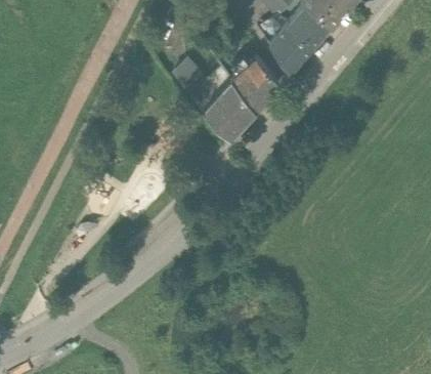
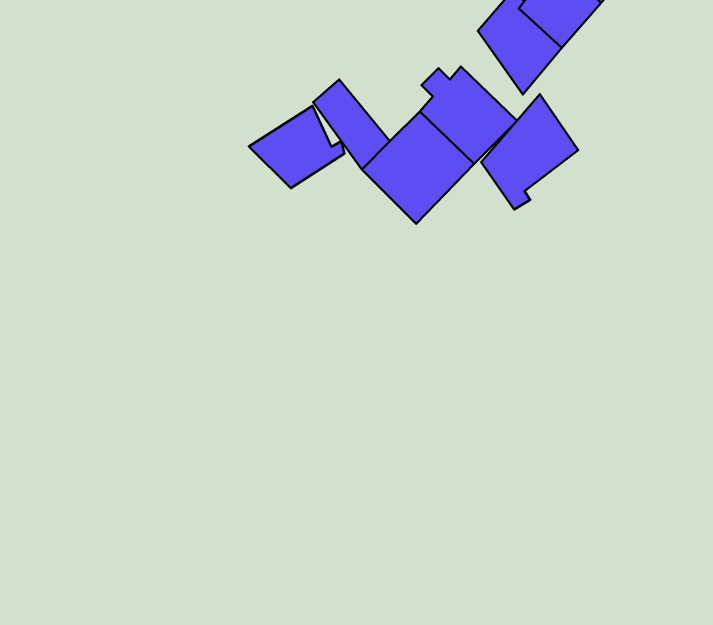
building: none -> [481,94,578,209]
building: none -> [249,106,345,188]

